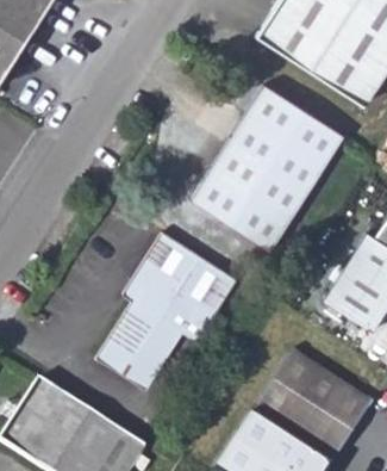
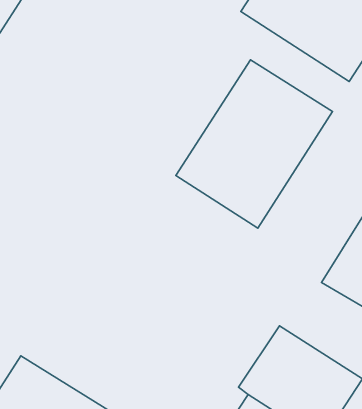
building: [95,230,237,388] -> none

